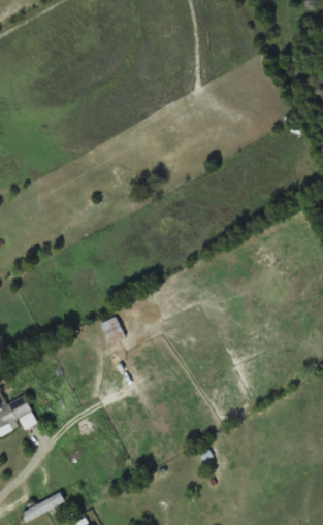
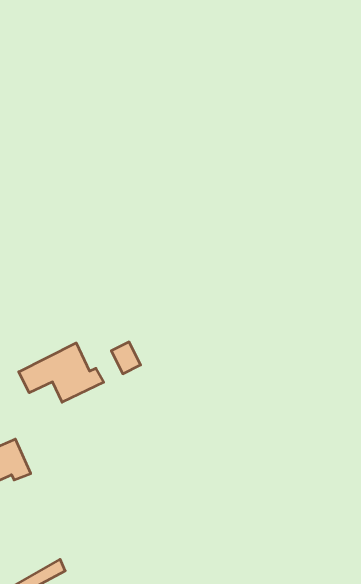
building: none -> [19,343,104,402]

